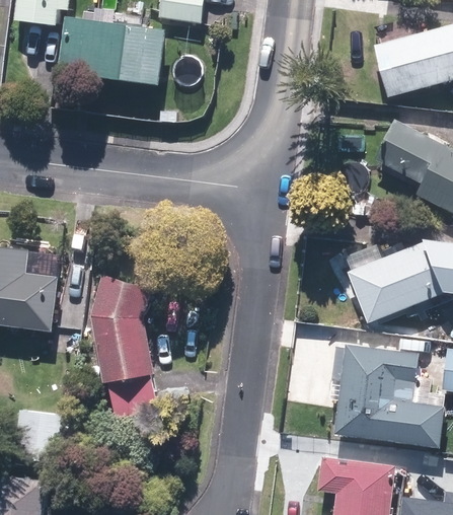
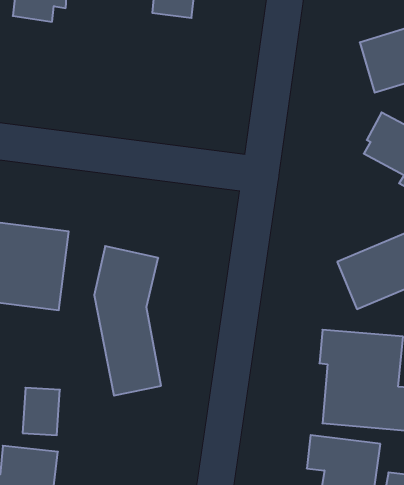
building: [56,19,165,88] -> none

